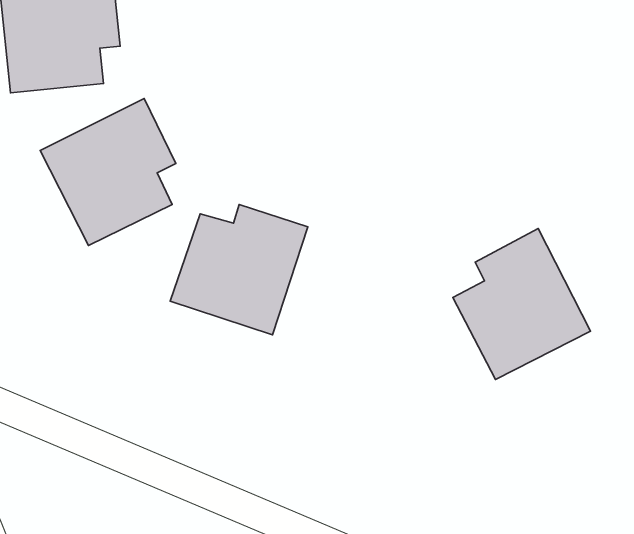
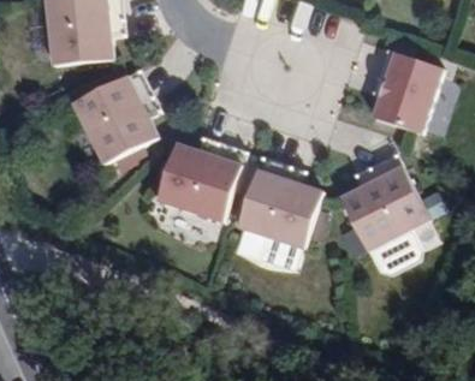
building: none -> [370,49,440,133]
building: none -> [236,156,320,248]

